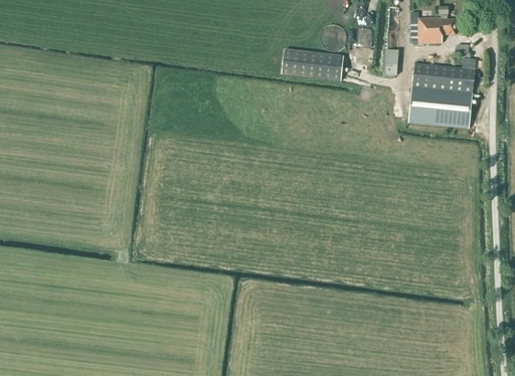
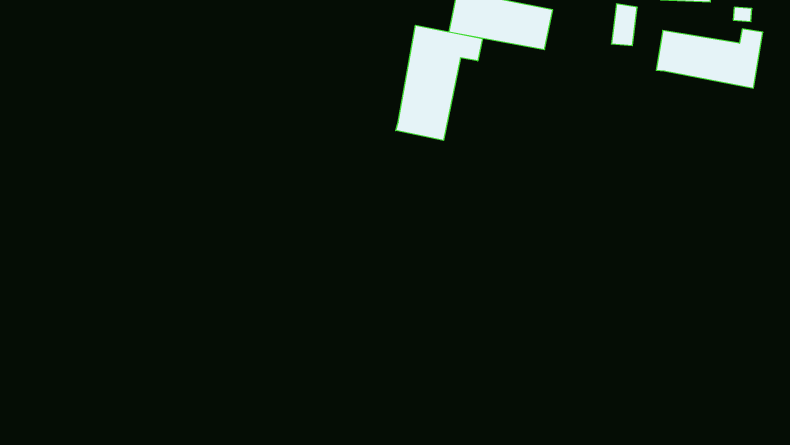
building: none -> [396,25,482,140]
building: [408,87,473,128] -> none

